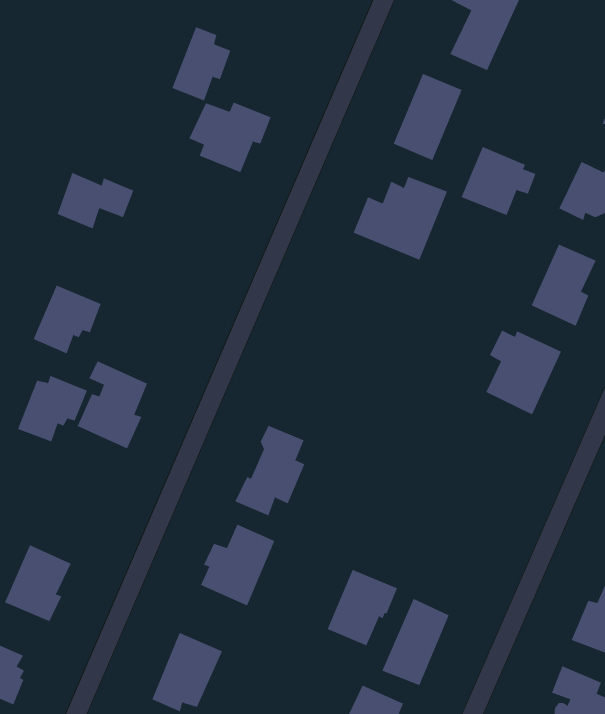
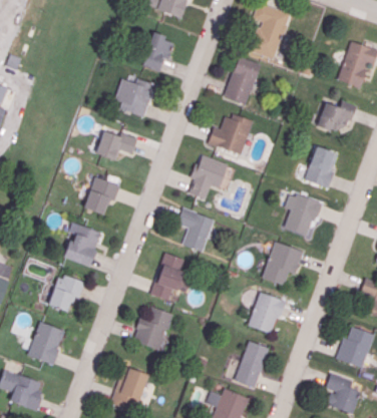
building: [172,26,231,101] -> [142,31,173,71]
building: [461,146,536,216] -> none
building: [57,172,134,229] -> [96,130,137,160]
building: none -> [187,153,229,198]
building: [33,285,101,354] -> [84,176,120,214]
building: none -> [177,207,215,252]
building: [17,375,88,442] -> [48,275,85,311]
building: none -> [263,242,304,285]
building: [327,569,398,646] -> [249,293,286,334]

